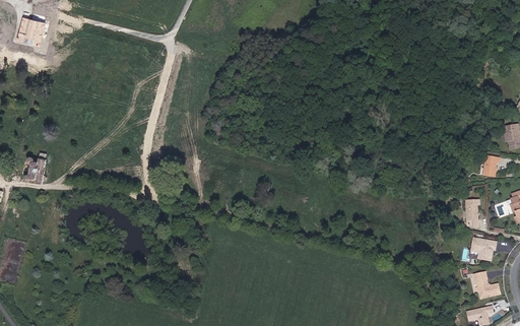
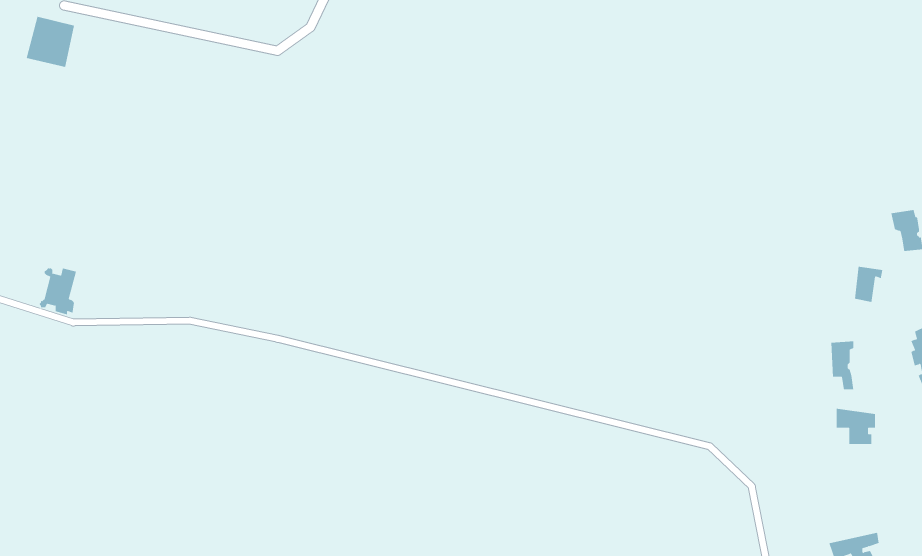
building: [475,271,501,299] -> none

